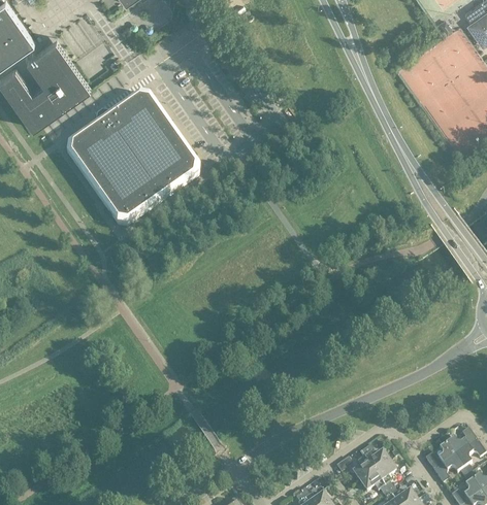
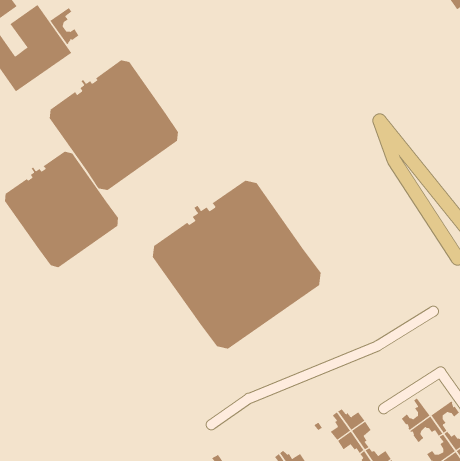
building: none -> [50,7,79,45]
building: none -> [4,151,119,268]
building: none -> [152,180,321,350]
building: [441,426,476,453] -> none

